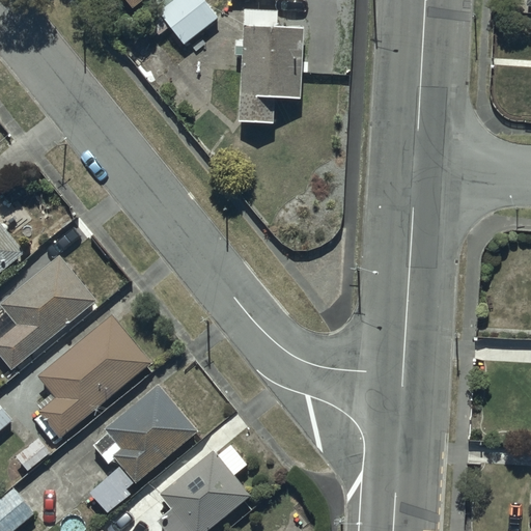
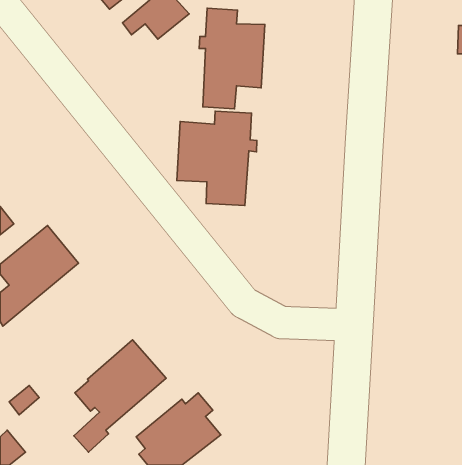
building: none -> [177,111,257,206]
building: [35,316,149,438] -> none

